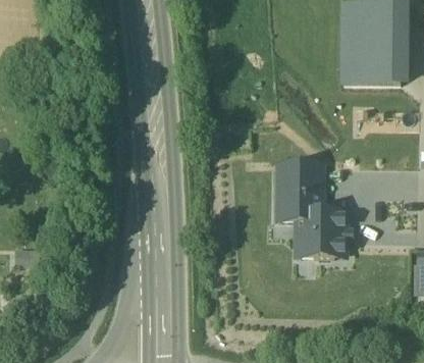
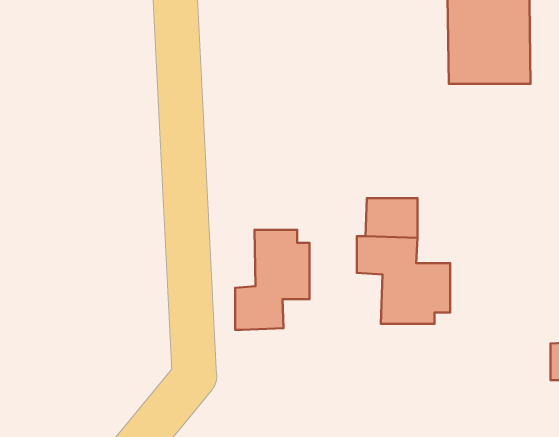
building: none -> [235,230,309,330]

